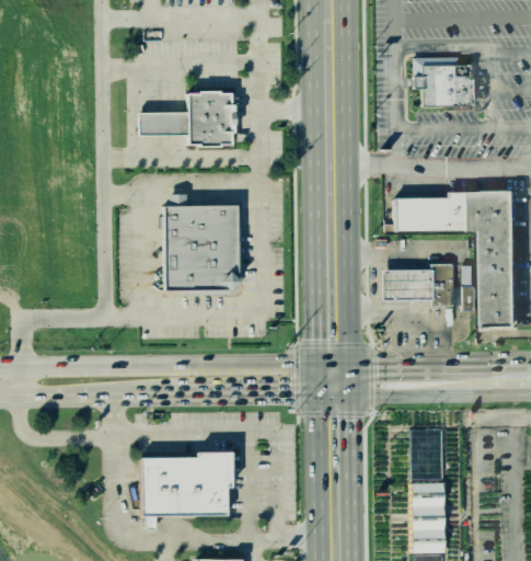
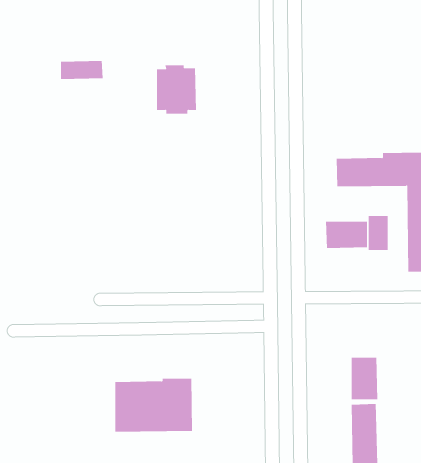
building: [412,64,487,110] -> none
building: [136,112,186,134] -> [60,61,104,80]
building: [168,205,240,289] -> none

